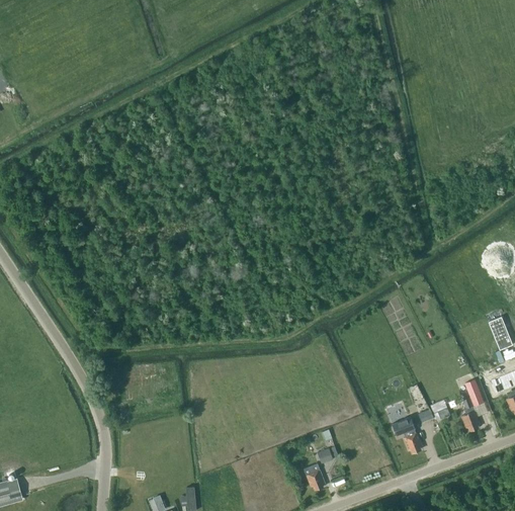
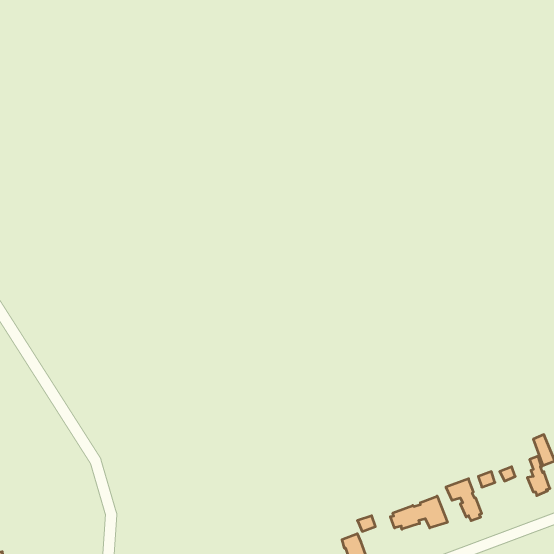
building: none -> [390,496,447,529]

